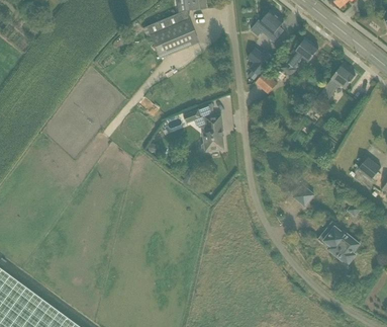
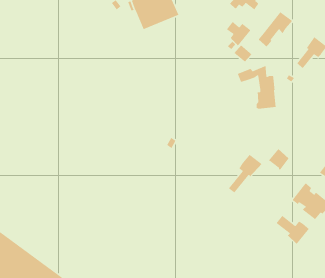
building: [182,104,224,152] -> [237,65,277,109]
building: none -> [228,154,262,193]
building: none -> [275,215,310,245]

